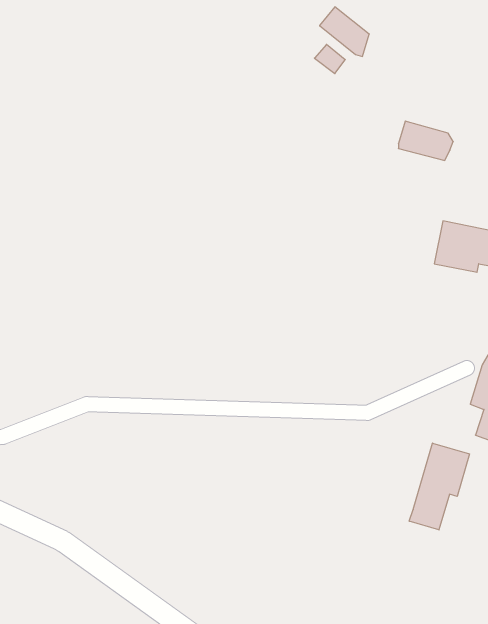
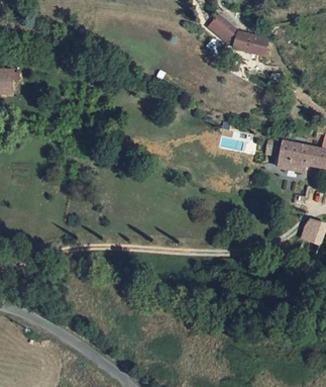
building: [398,121,453,160] -> [235,30,267,54]
building: [409,443,470,530] -> none

